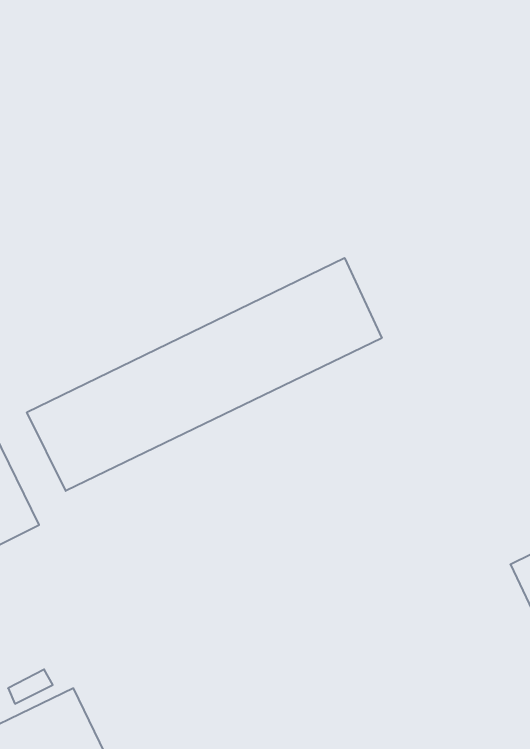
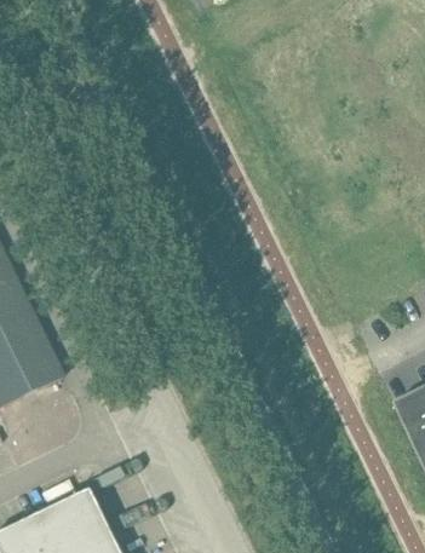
building: [27,258,382,491] -> none

